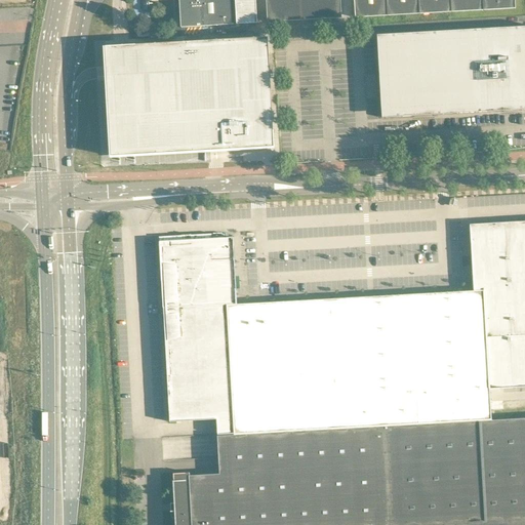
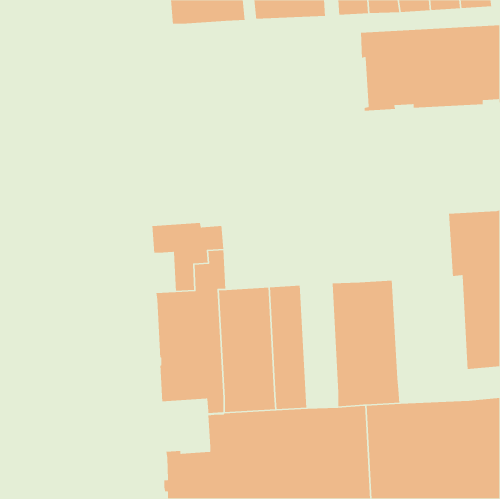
building: [106,36,274,155] -> none
building: [161,265,184,307] -> none
building: [411,289,491,422] -> none
building: [315,296,354,428] -> none

